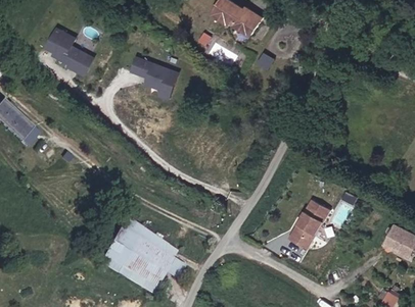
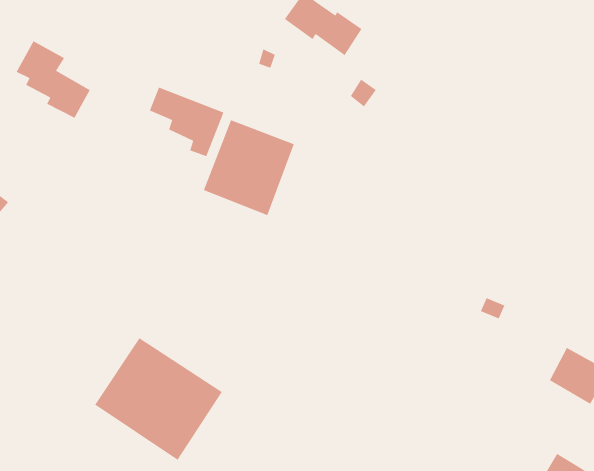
building: none -> [203,119,295,216]
building: [286,197,331,250] -> none

